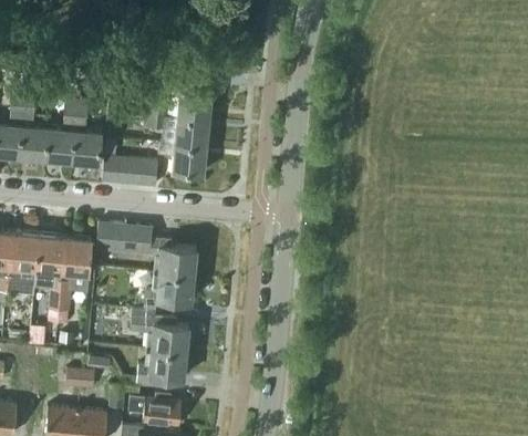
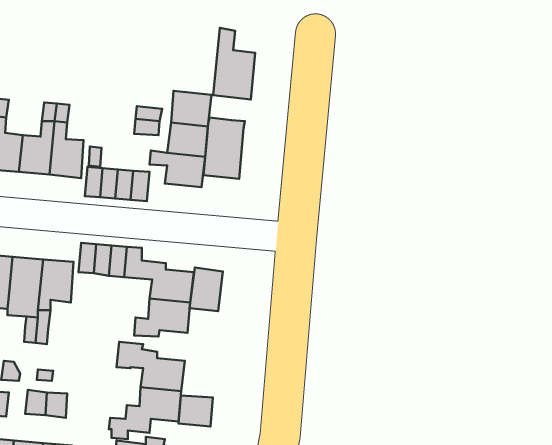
building: none -> [213,28,255,99]
building: none -> [204,117,245,179]
building: none -> [190,267,223,311]
building: none -> [179,395,213,427]

